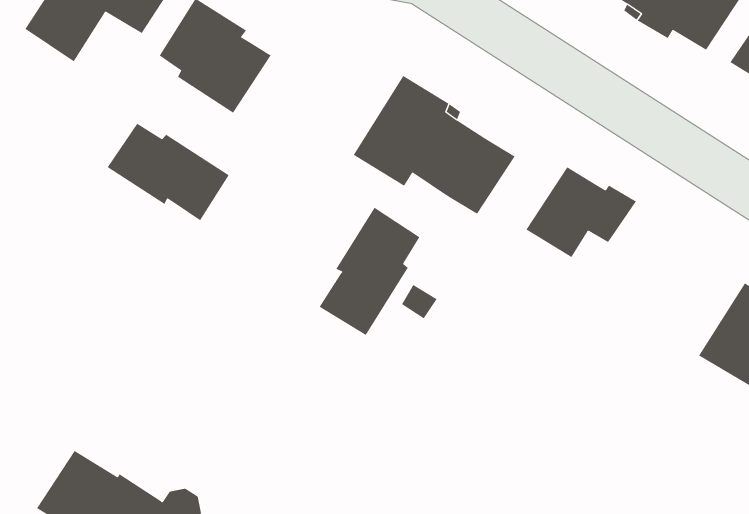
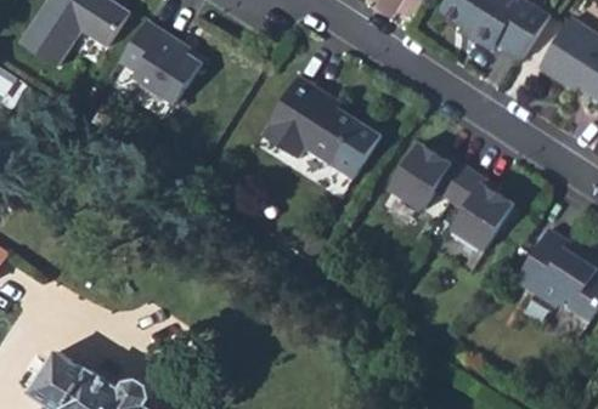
building: [107,123,229,221] -> none
building: none -> [448,169,514,250]
building: [319,207,420,336] -> none

